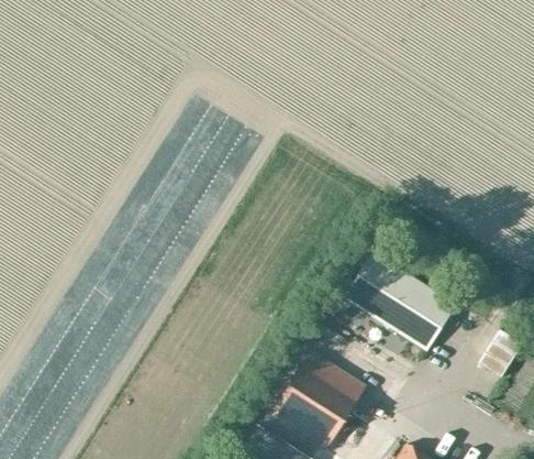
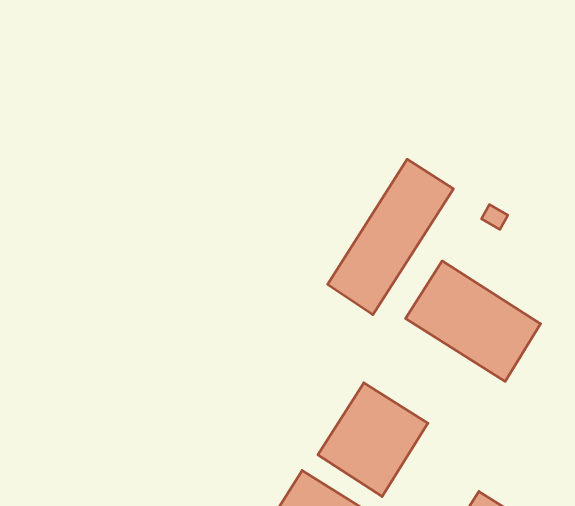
building: none -> [328,159,453,315]

